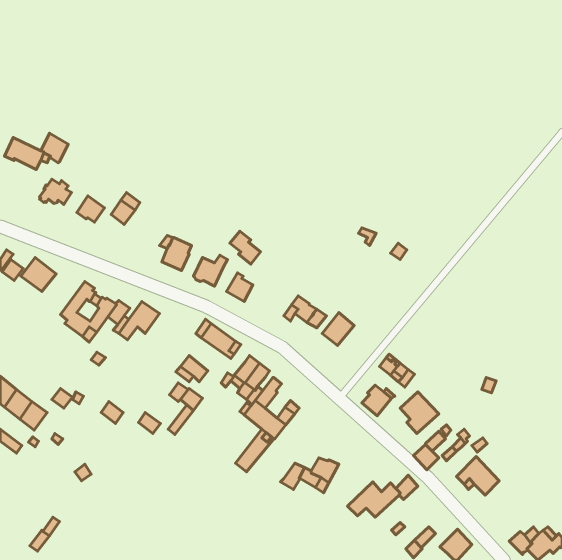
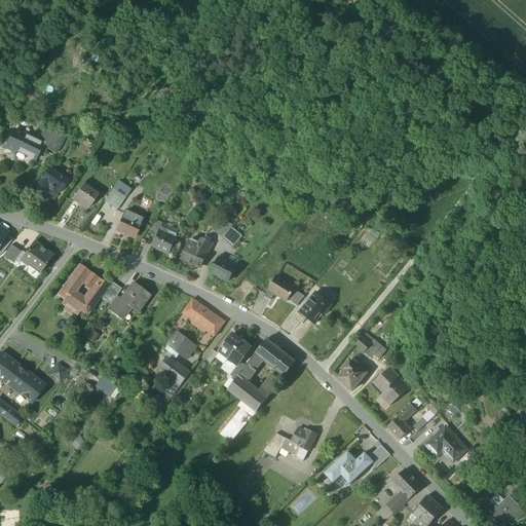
building: none -> [116,211,142,236]
building: none -> [256,338,296,375]
building: none -> [393,468,421,498]

